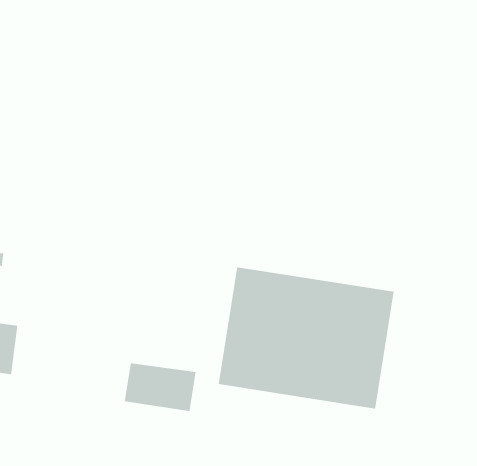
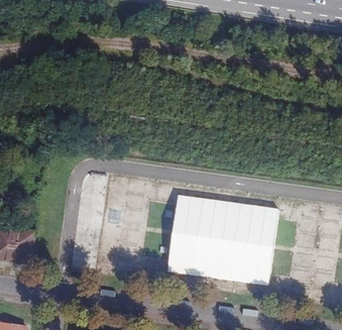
building: [124,363,196,412] -> none

